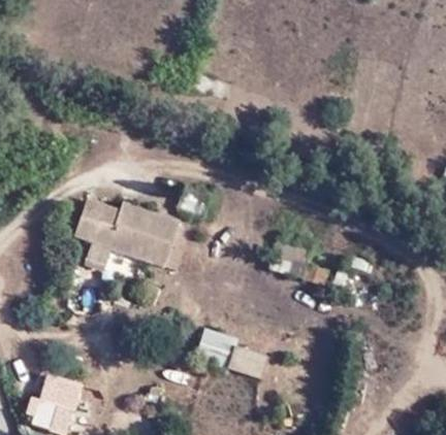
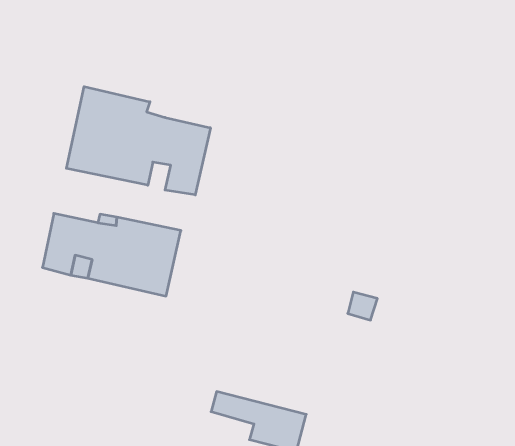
building: none -> [66,87,210,195]

